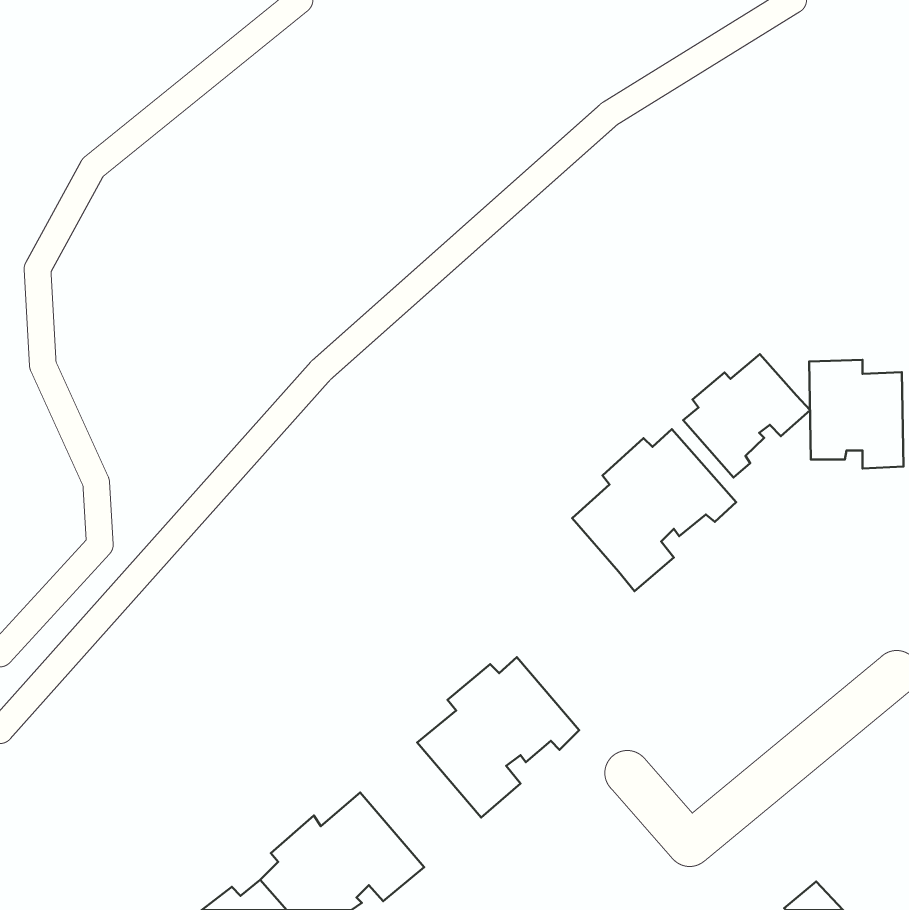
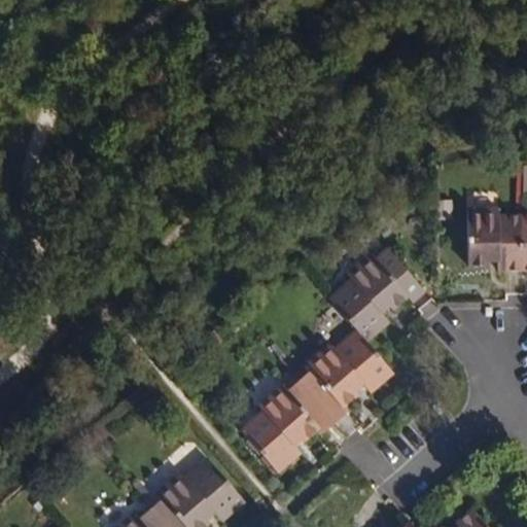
building: [683,354,810,477] -> none
building: none -> [300,330,394,422]

